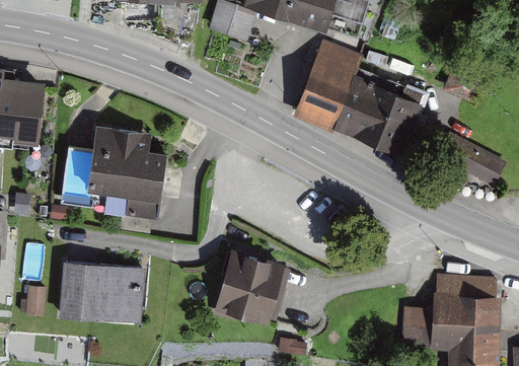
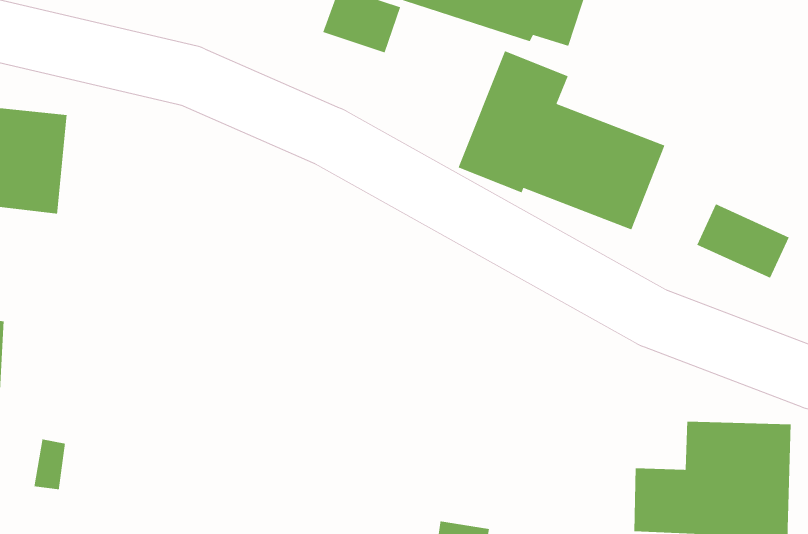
building: [88,126,165,218] -> none
building: [217,250,288,326] -> none
building: [60,262,145,325] -> none

